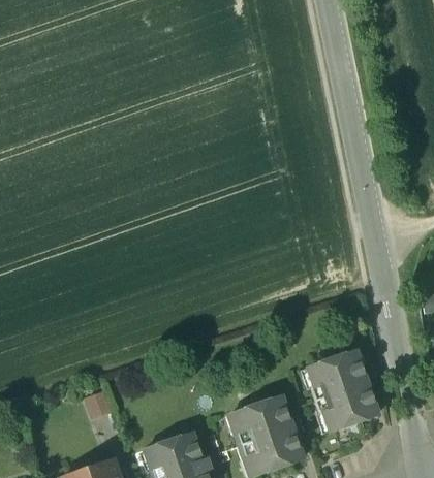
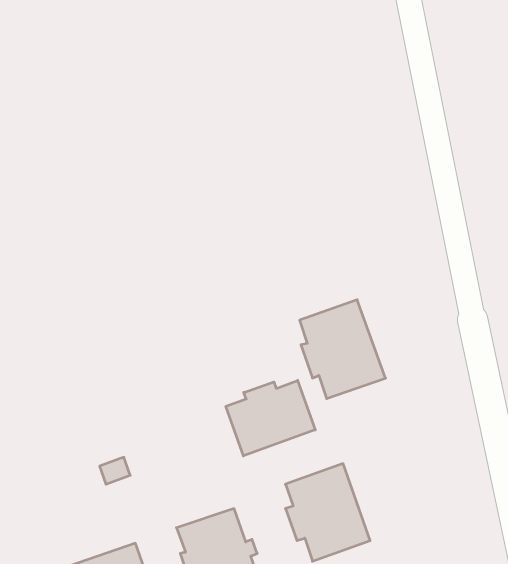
building: none -> [226,380,315,456]
building: [309,351,378,431] -> [300,300,386,399]

